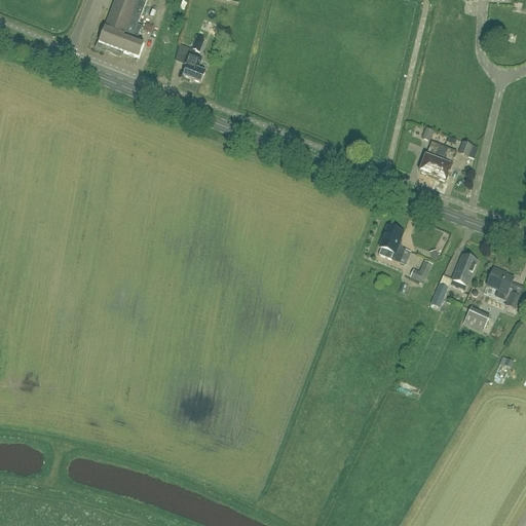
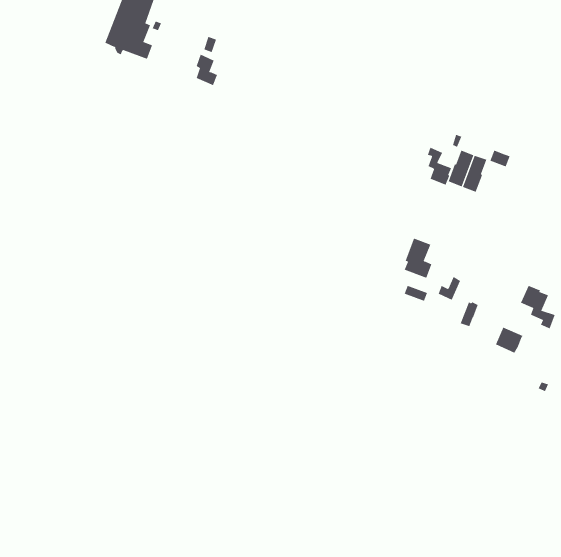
building: none -> [427,147,452,185]
building: [451,253,477,287] -> none

